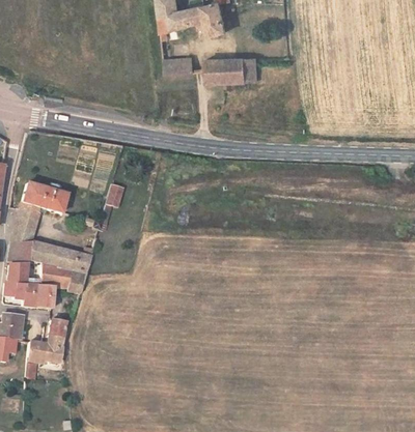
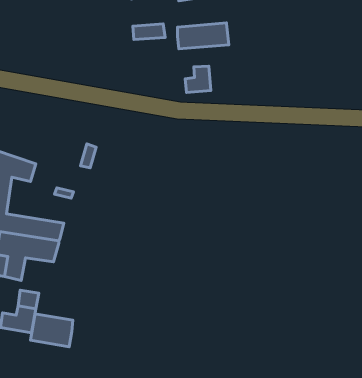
building: none -> [185,66,211,93]
building: none -> [30,314,73,347]

